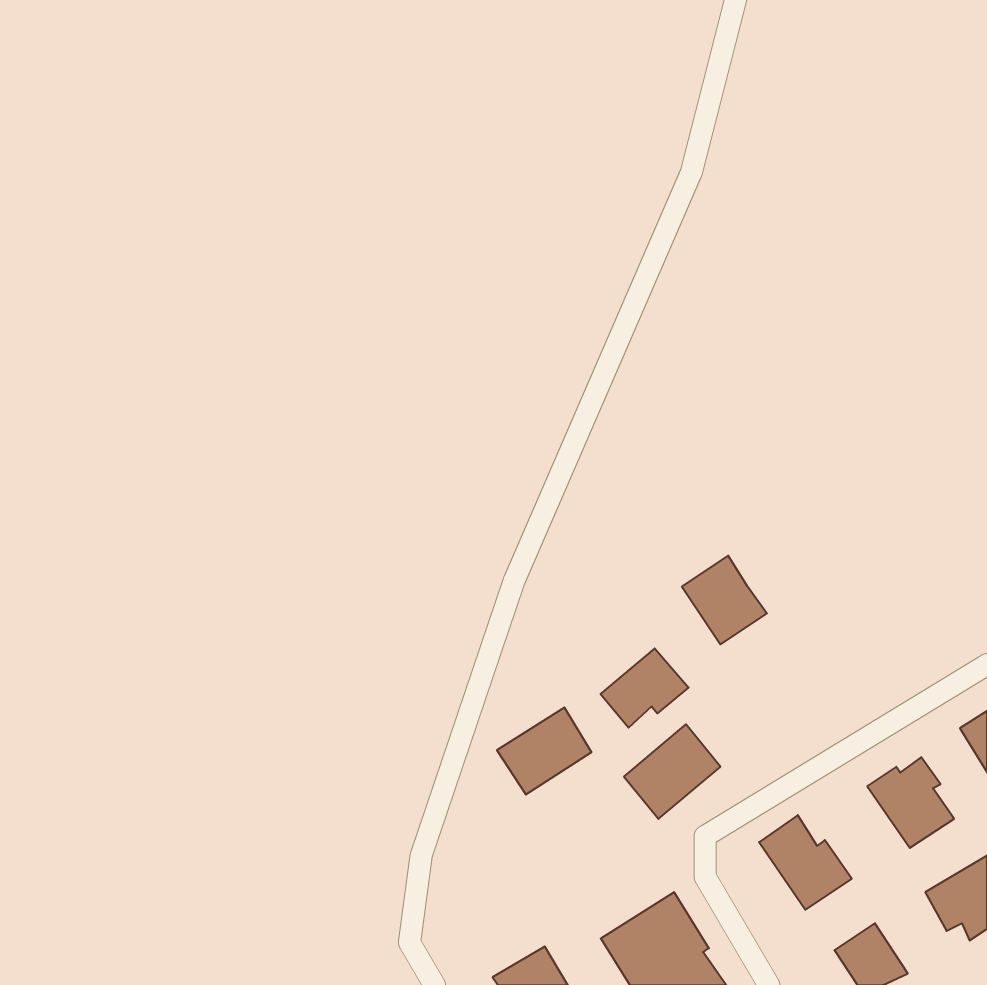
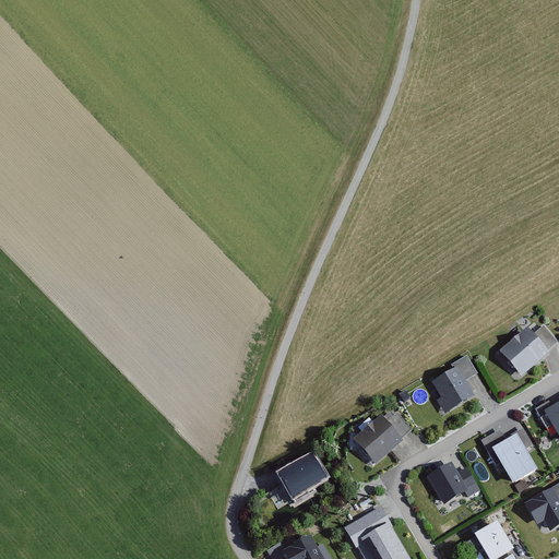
building: [682,556,767,644] -> [430,362,478,413]
building: none -> [500,326,550,374]
building: [601,648,689,728] -> none
building: [497,708,592,795] -> [274,451,328,500]

